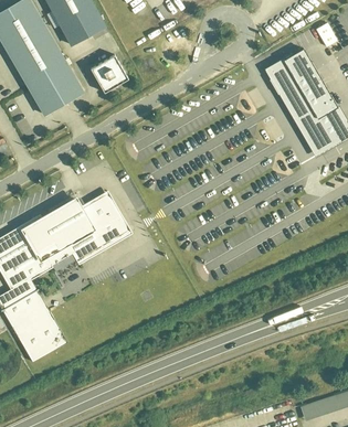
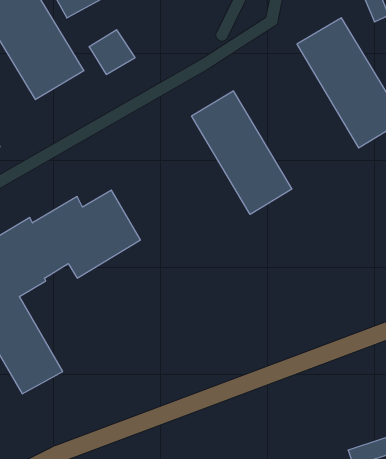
building: none -> [192,91,292,214]

